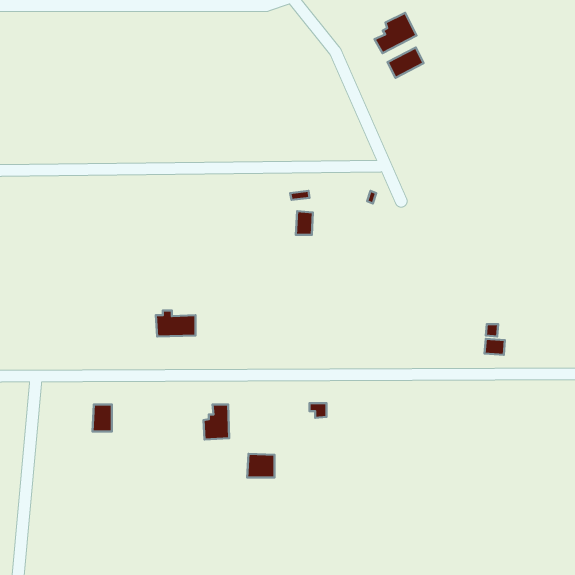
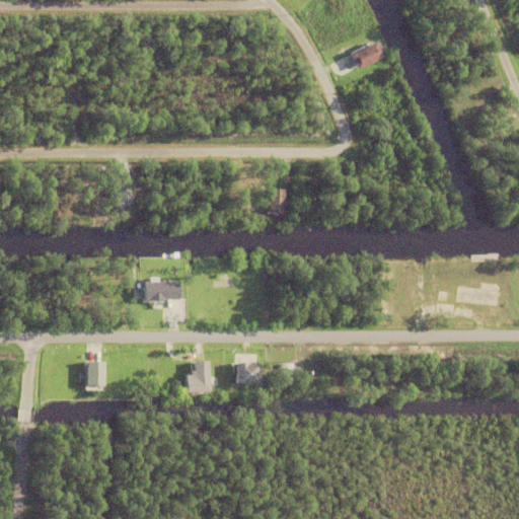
building: [374,13,417,53] -> none
building: [247,454,274,477] -> [237,360,262,381]

